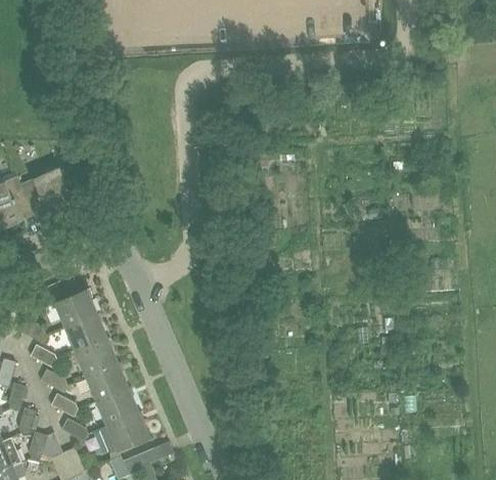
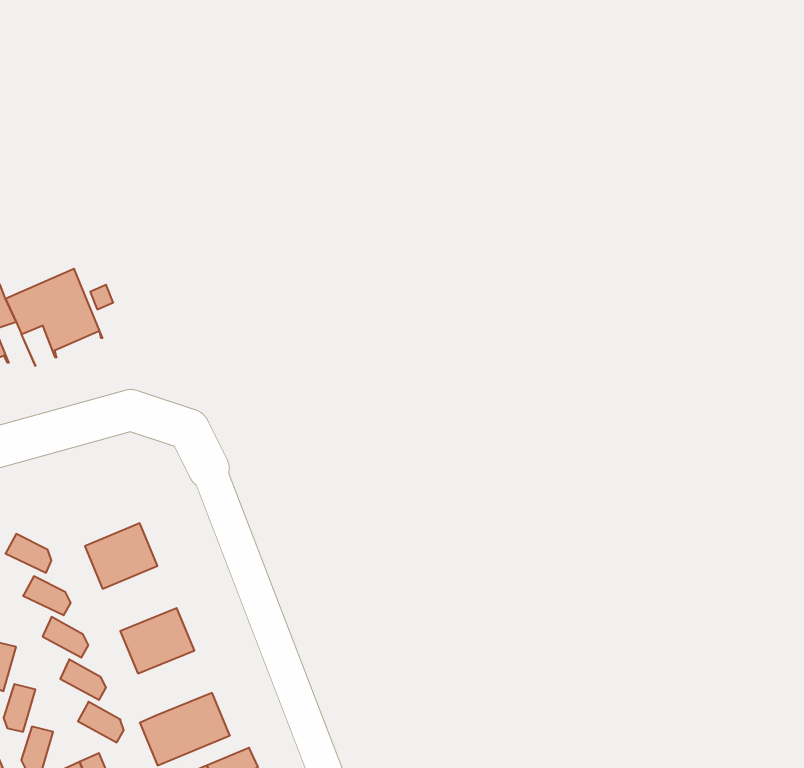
building: [54,289,97,328] -> none
building: [76,339,119,377] -> none
building: [96,388,139,426] -> none

